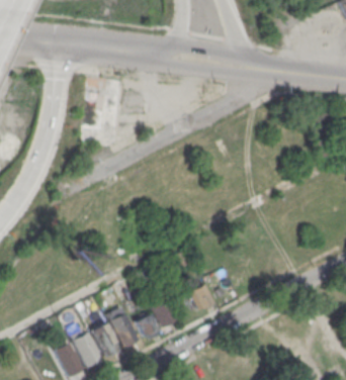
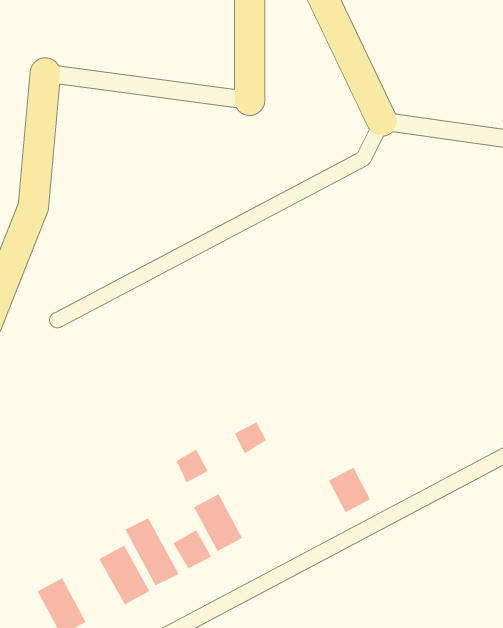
building: [189,283,214,310] -> [328,467,371,513]
building: [74,334,103,367] -> none

